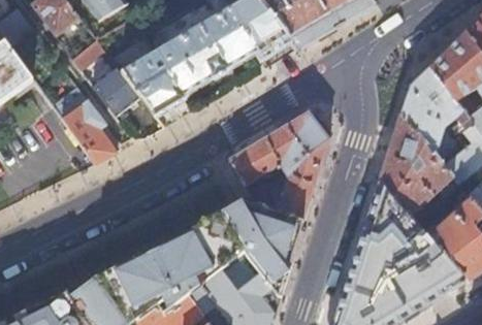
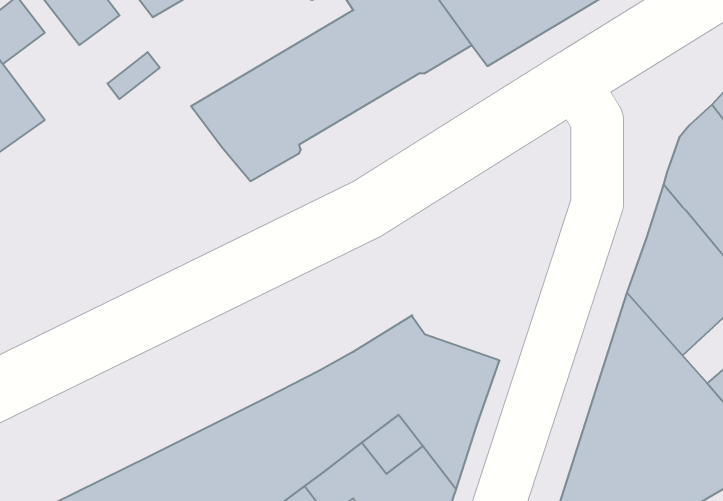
building: [91,64,139,113] -> none
building: [53,86,116,161] -> none
building: [229,111,329,221] -> none

